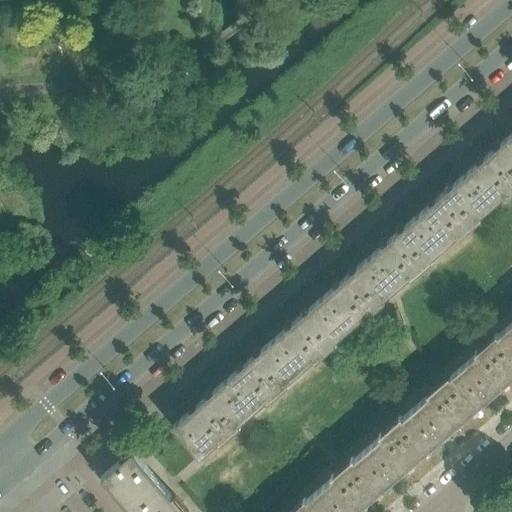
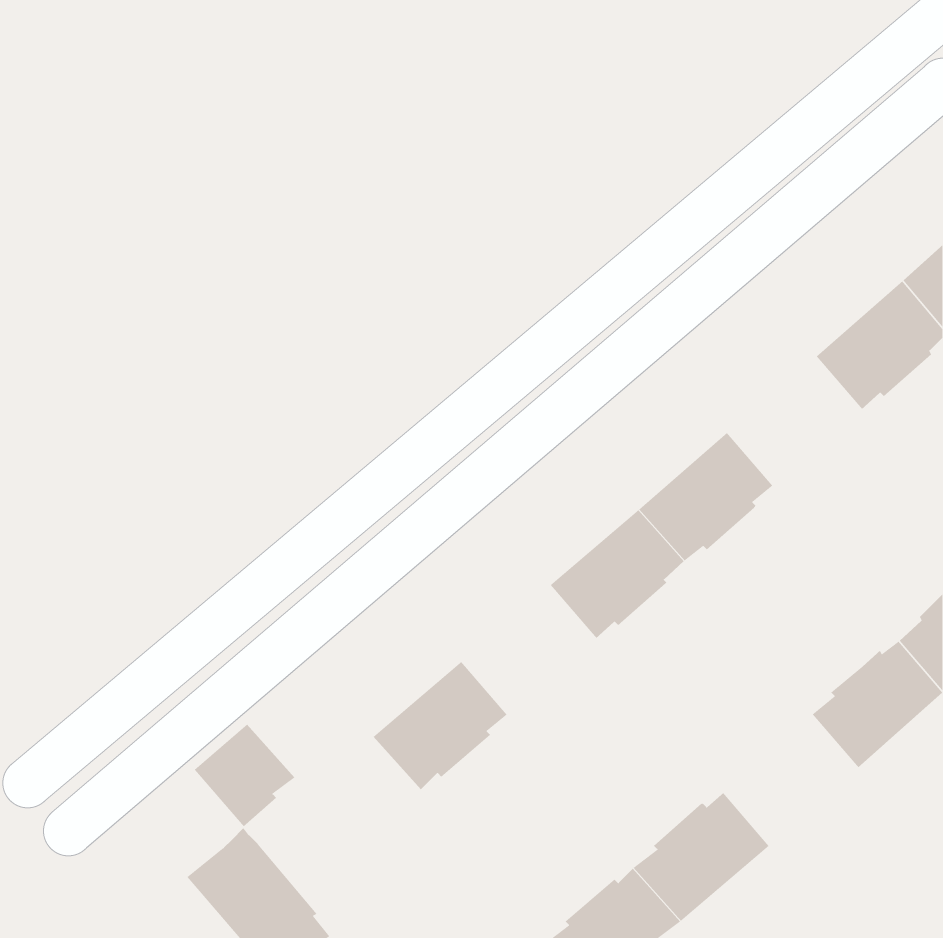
building: [394,196,467,266] -> none
building: [250,320,323,390] -> none
building: [392,390,465,461] -> none
building: [173,402,228,458] -> [194,724,295,827]

